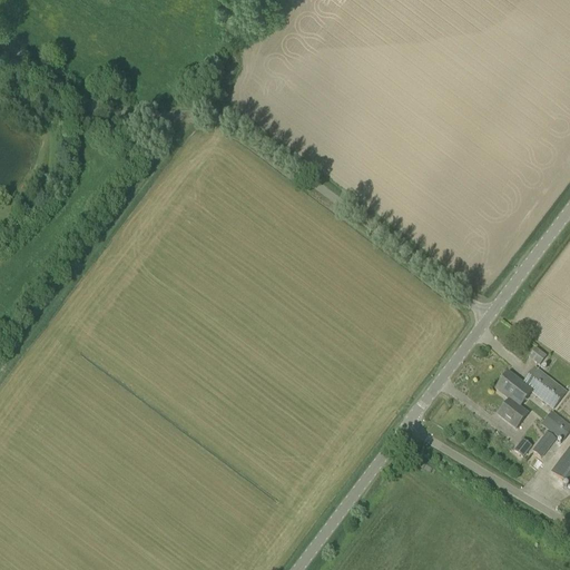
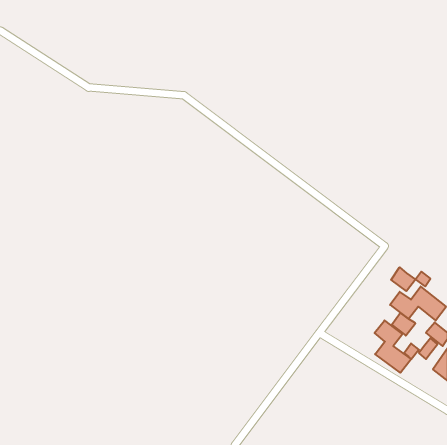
building: none -> [391,267,415,291]
building: none -> [375,320,411,373]

